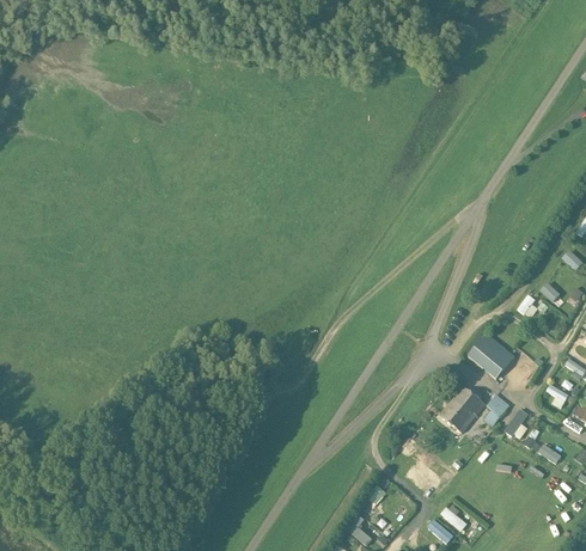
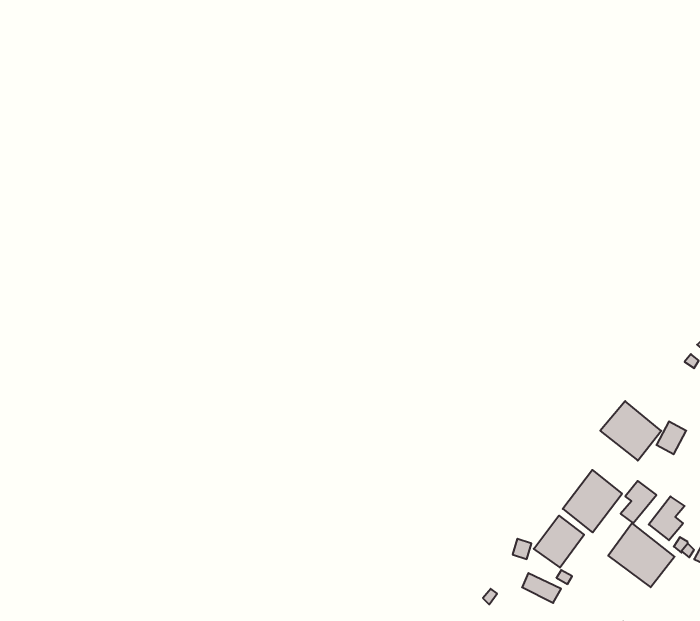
building: none -> [534,516,584,568]
building: none -> [608,523,675,587]

